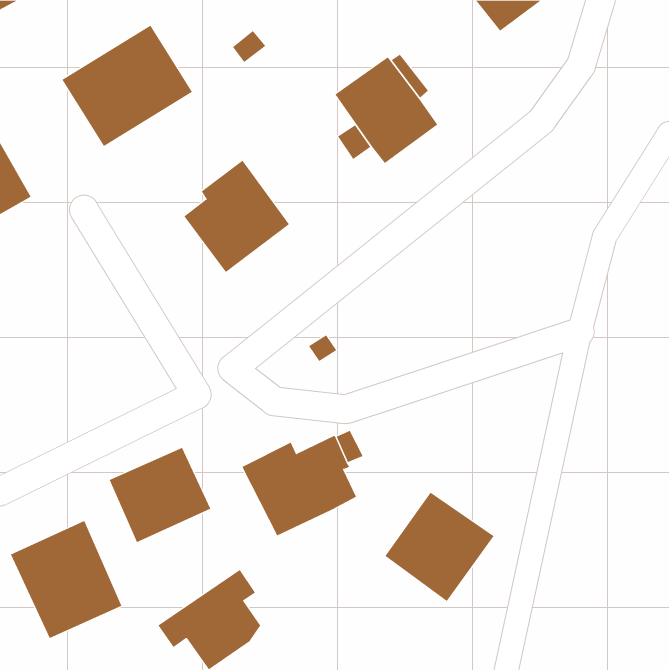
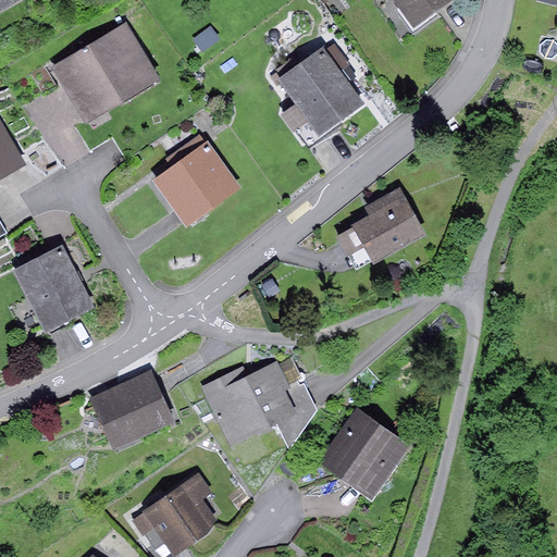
building: none -> [336,187,426,271]
building: none -> [13,245,94,332]
building: [10,520,122,639] -> none

